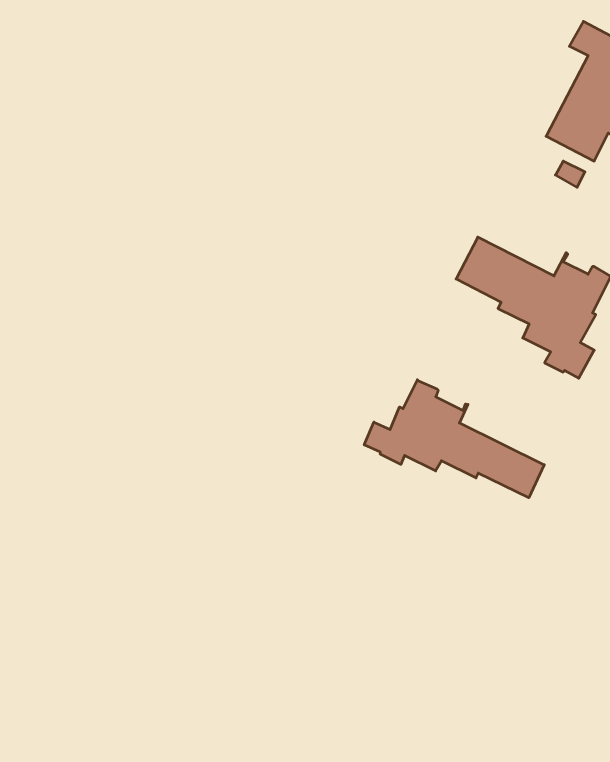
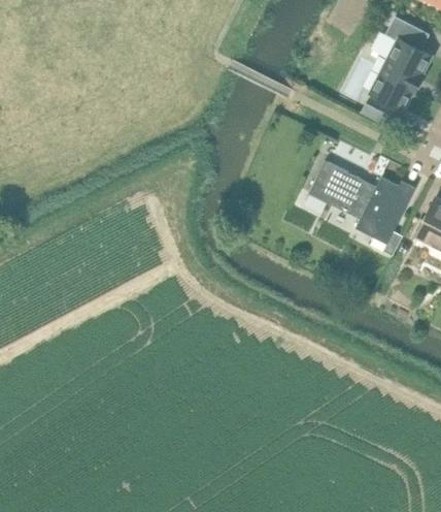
building: [364,380,544,498] -> none

